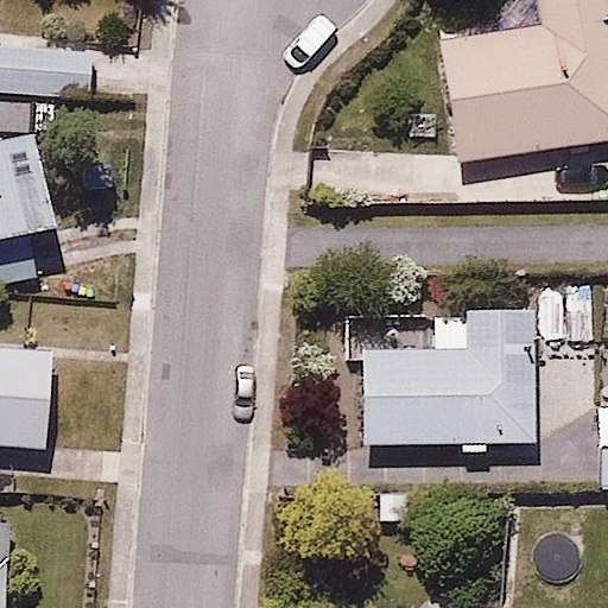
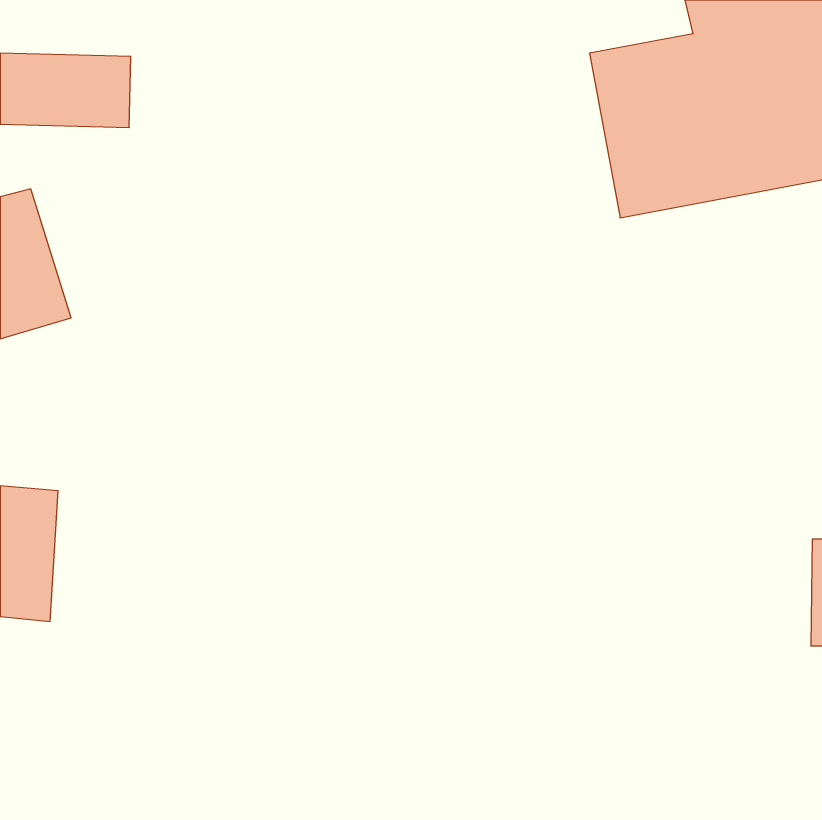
building: [366,306,537,444] -> none

